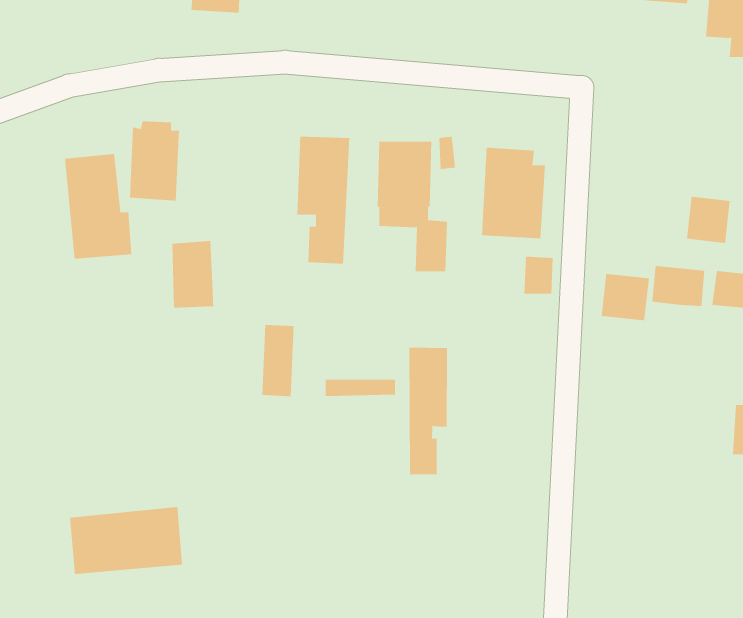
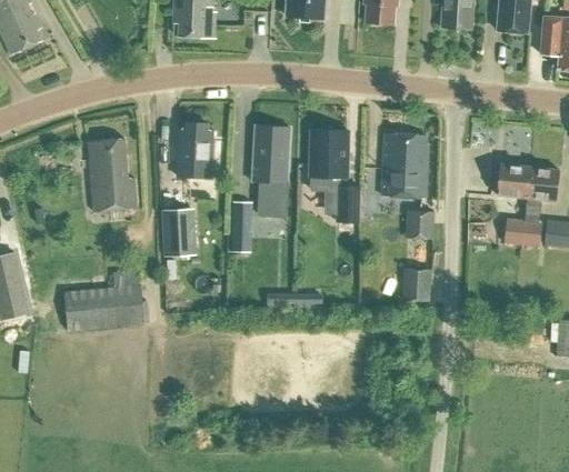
building: [129,121,180,201] -> [178,123,213,180]
building: [601,273,650,321] -> [496,164,530,198]
building: [261,324,295,397] -> [229,200,252,251]
building: none -> [403,268,431,301]
building: [409,347,447,475] -> none
building: [69,507,183,574] -> [63,282,143,330]

